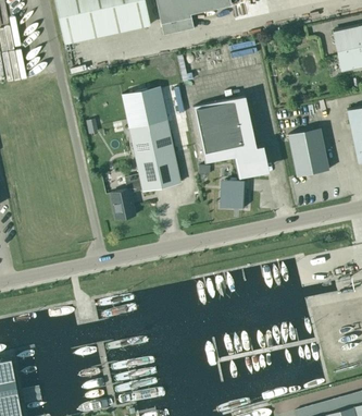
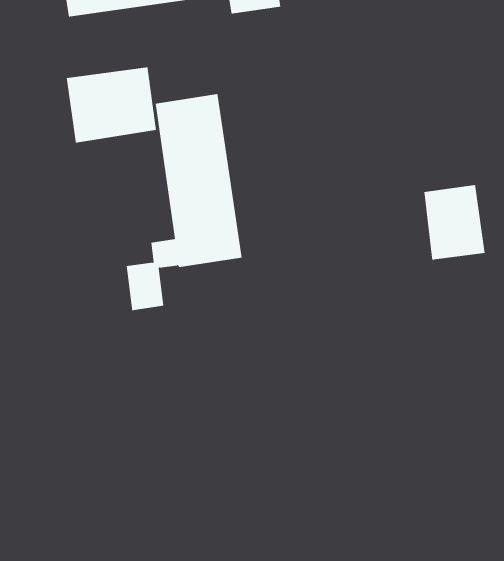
building: none -> [66,67,156,143]
building: [194,97,265,207] -> none

